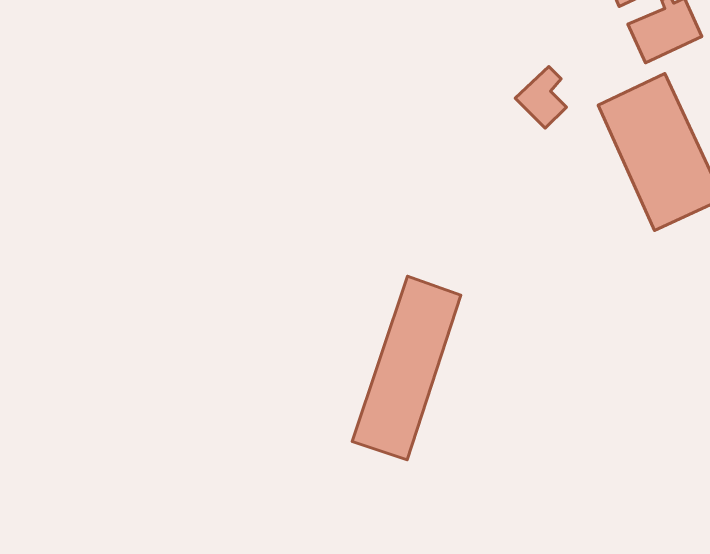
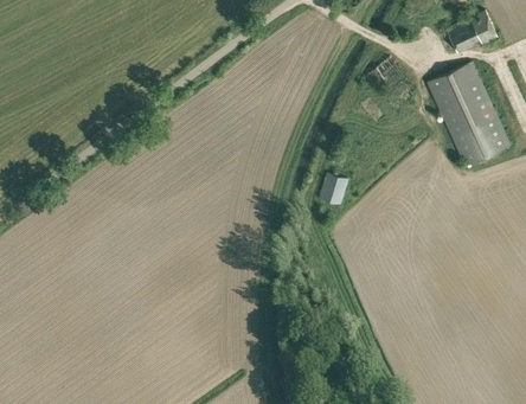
building: none -> [319,173,347,205]
building: [352,276,461,460] -> none

